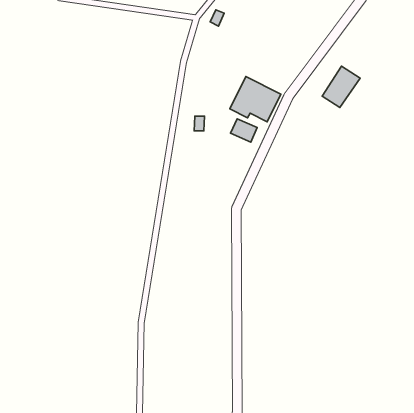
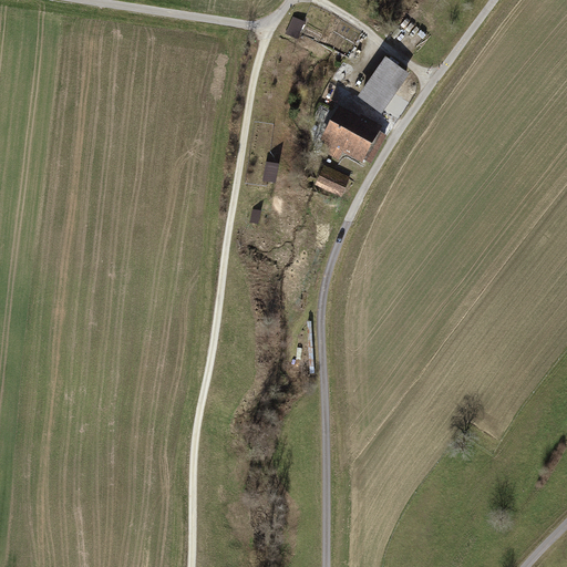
building: [322,66,360,108] -> [358,55,410,112]

